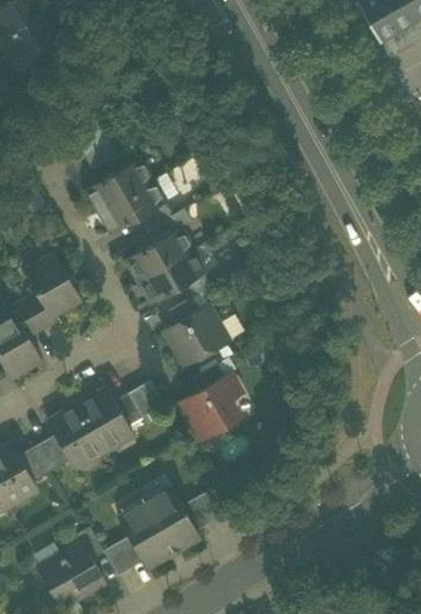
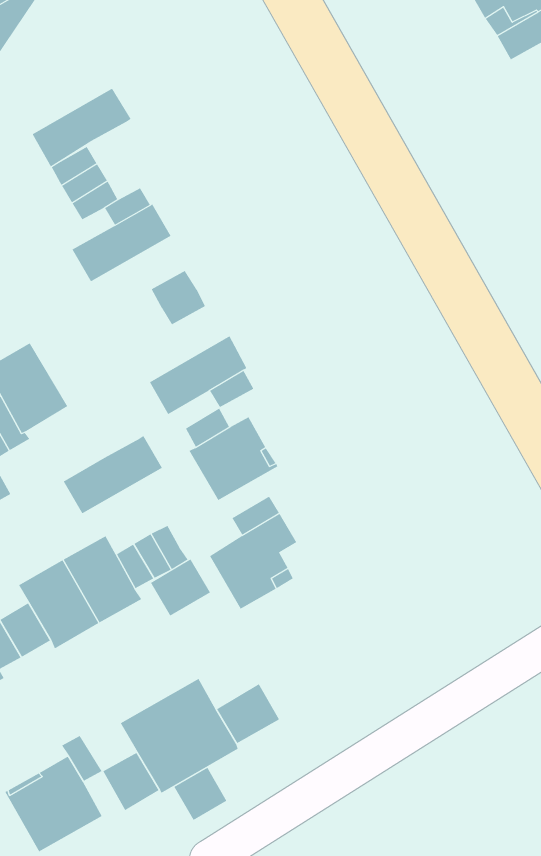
building: [96,180,166,235] -> [32,88,132,167]
building: [124,227,193,282] -> [63,435,163,514]
building: none -> [150,559,211,617]
building: none -> [174,767,227,821]

